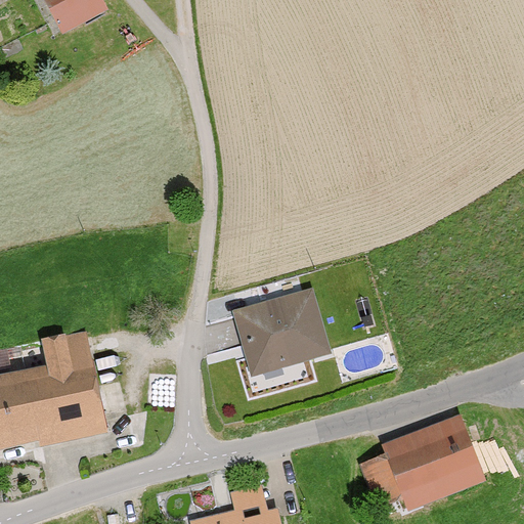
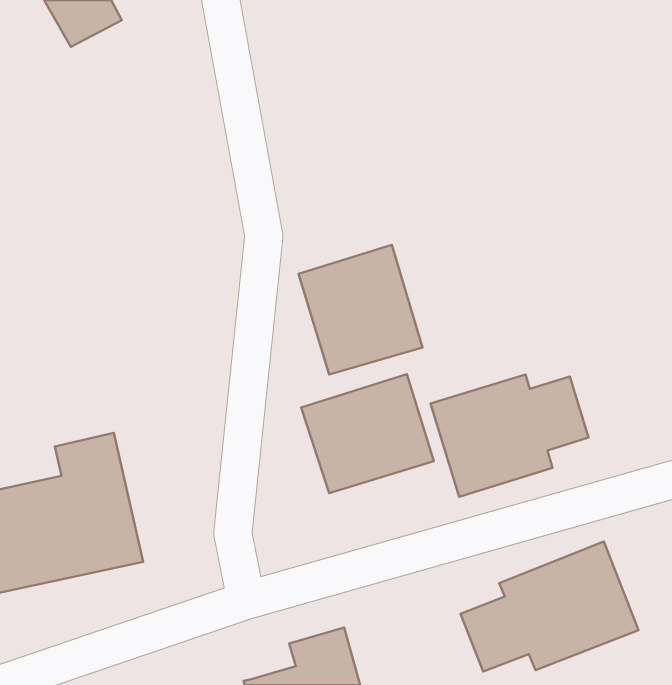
building: none -> [298,245,422,374]
building: none -> [430,375,589,497]

